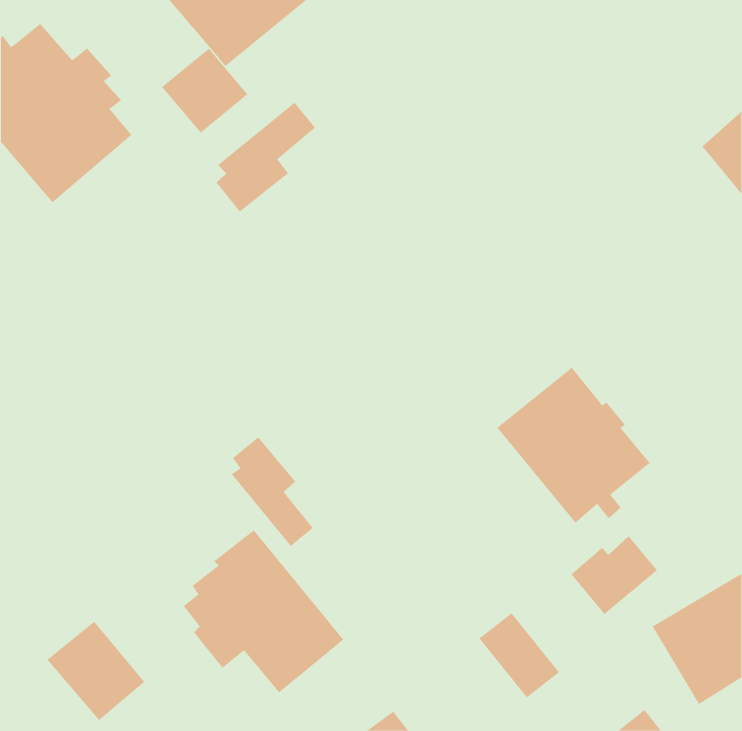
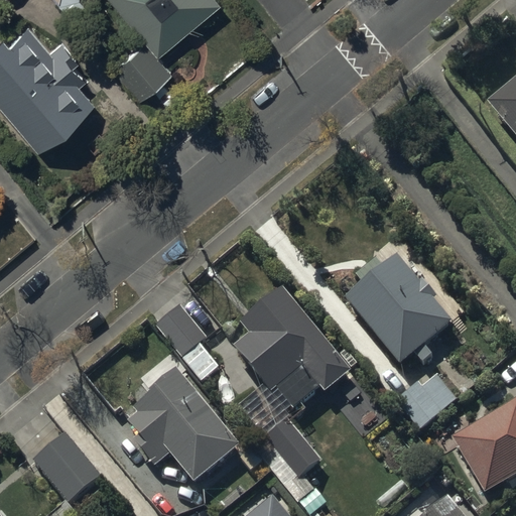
building: [216,102,316,212] -> none
building: none -> [234,287,351,407]
building: [479,613,560,698] -> [264,417,320,477]

